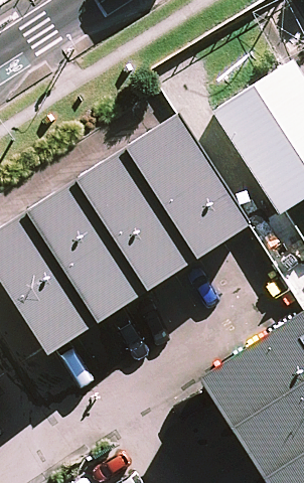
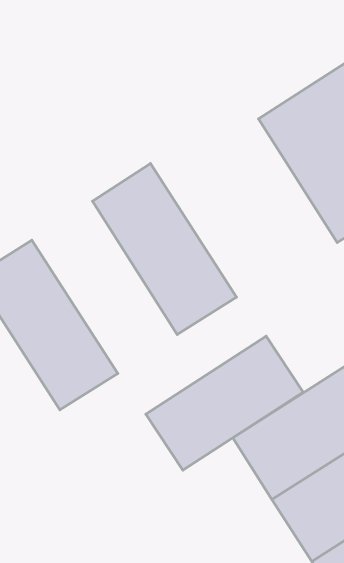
building: [126,114,252,259] -> none
building: [27,179,148,322] -> none
building: none -> [146,336,303,470]

